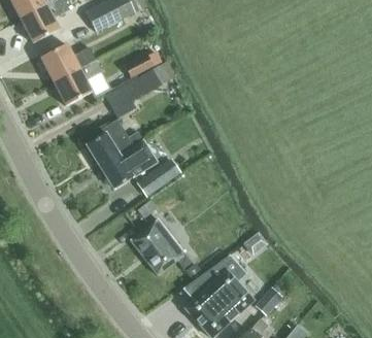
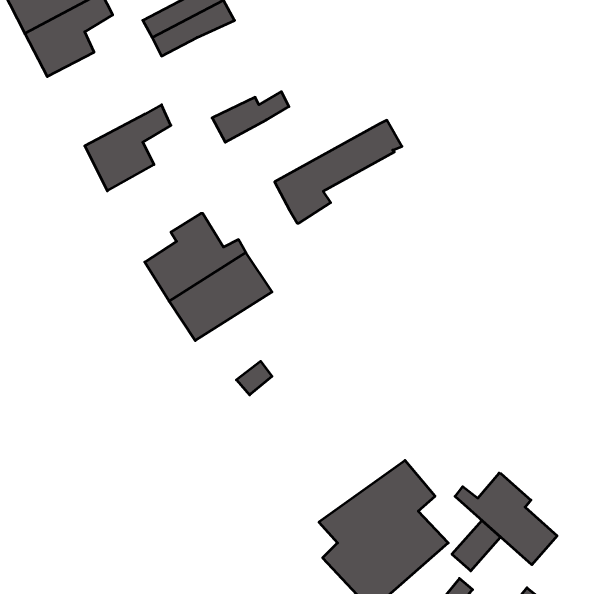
building: [41,43,96,80] -> none
building: [105,61,175,117] -> [275,120,402,223]
building: [136,157,181,196] -> none
building: [131,218,191,274] -> none
building: none -> [455,473,557,565]

